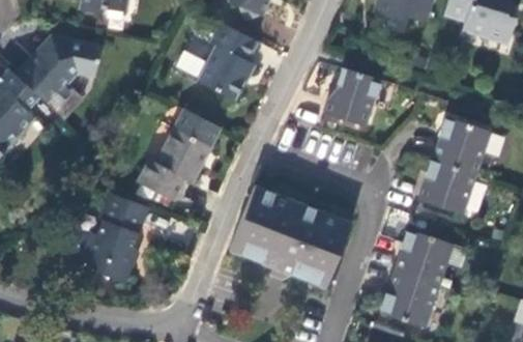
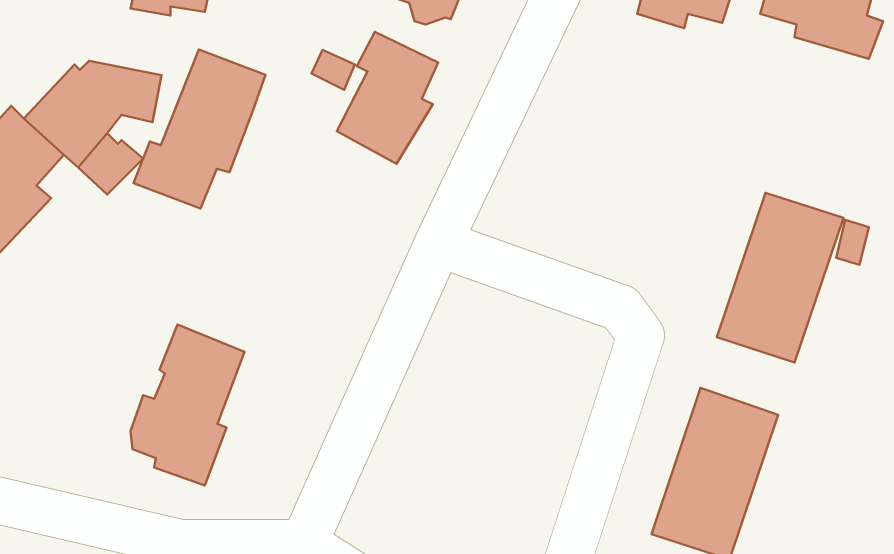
building: [322,68,379,126] -> none
building: [144,115,220,206] -> [134,49,266,208]
building: [229,187,350,289] -> none

